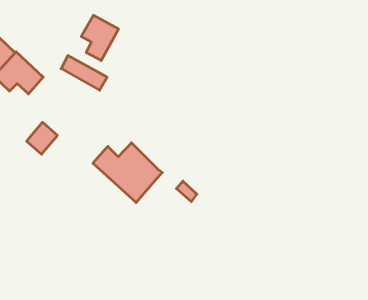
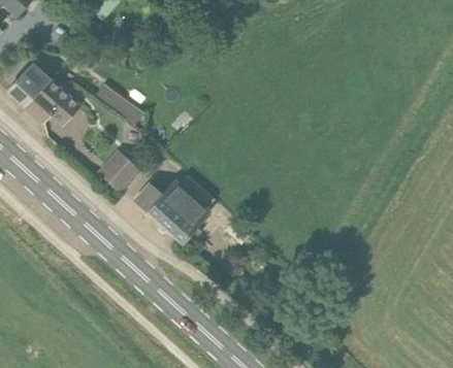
building: [81,15,118,61] -> none
building: [27,122,57,154] -> [100,153,134,188]

